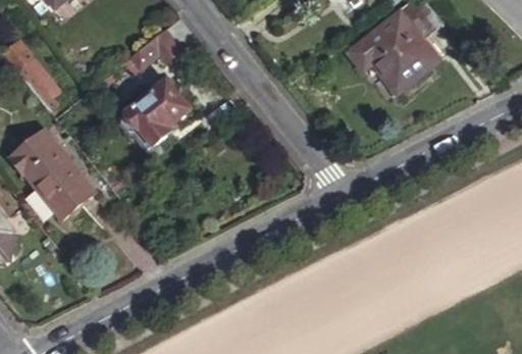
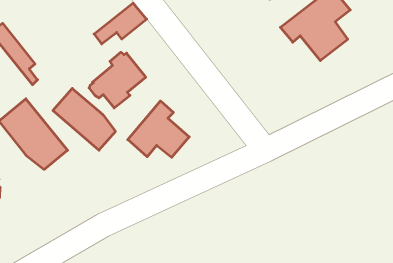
building: none -> [53,88,115,150]
building: none -> [128,101,189,157]

